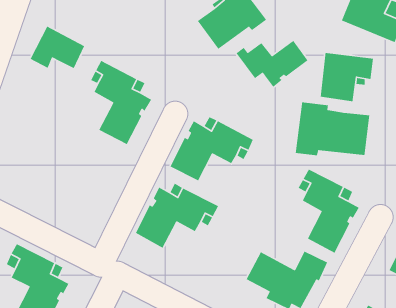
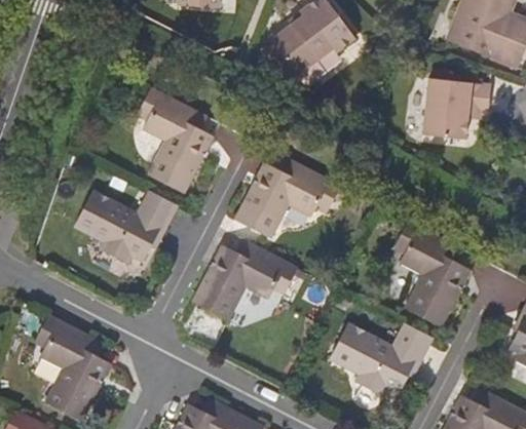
building: [29,25,85,69] -> none
building: [235,40,309,88] -> none
building: [295,102,370,156] -> none
building: none -> [74,189,177,264]

